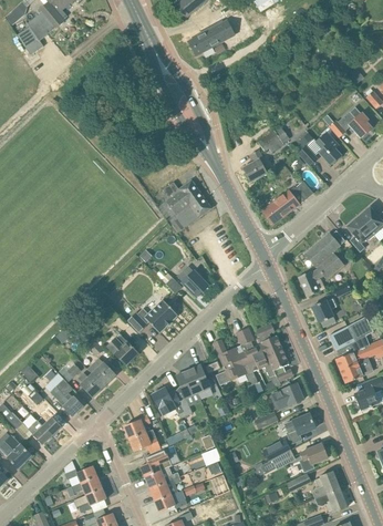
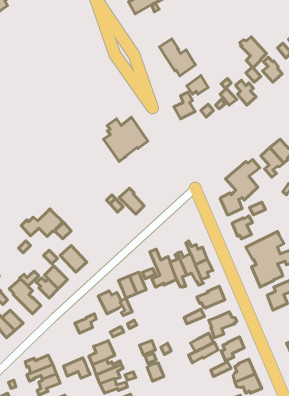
building: none -> [240,37,267,68]
building: none -> [159,39,196,76]
building: [262,181,313,225] -> none
building: [128,299,178,332] -> [21,209,63,237]
building: [130,429,162,453] -> [63,358,90,378]

